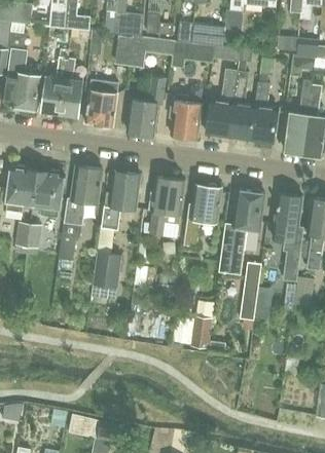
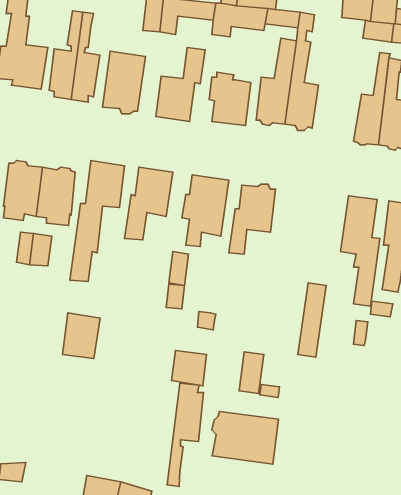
building: [250,82,277,145] -> none
building: [218,189,264,273] -> none
building: [92,253,121,289] -> [63,313,100,358]
building: none -> [167,383,204,486]
building: none -> [212,411,279,464]

